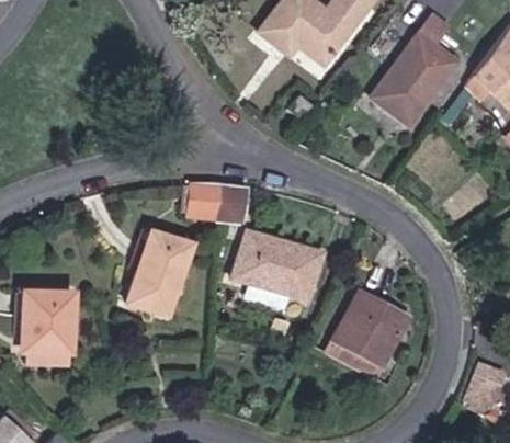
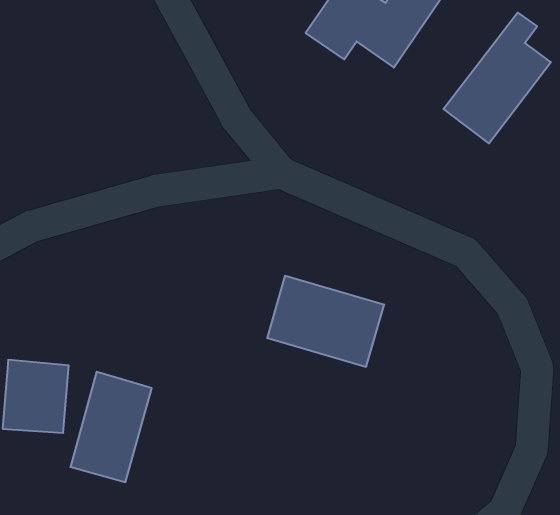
building: [190,184,245,219] -> none
building: [127,229,192,317] -> [70,372,152,482]
building: [333,293,411,375] -> none

